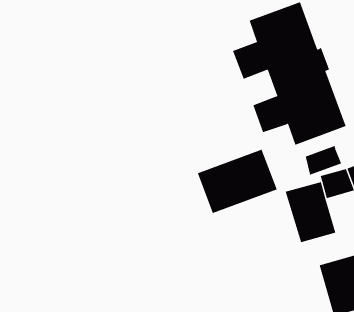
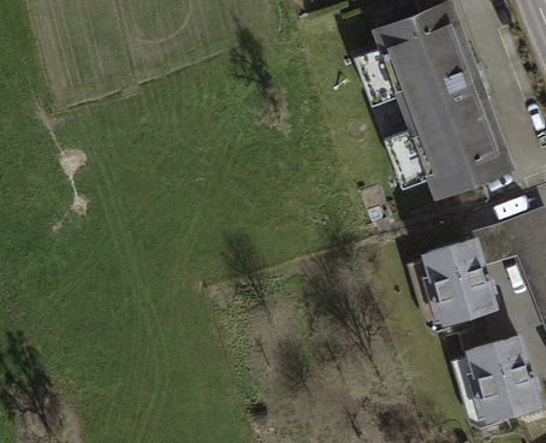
building: [305,145,342,175] -> none
building: [197,149,277,214] -> none

